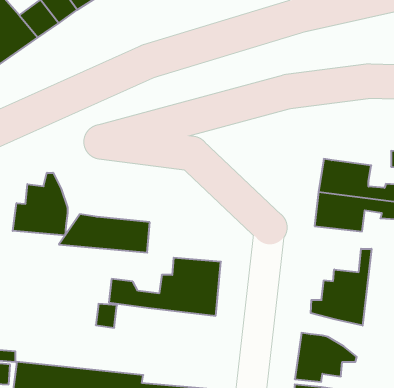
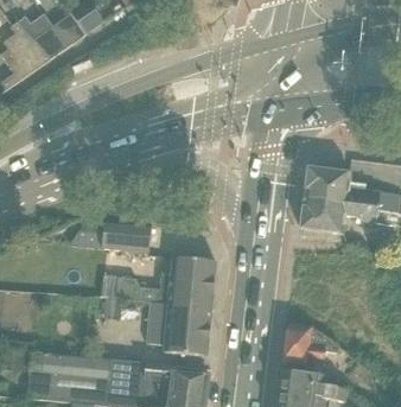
building: [13,173,68,236] -> none
building: [311,249,371,326] -> none
building: none -> [147,301,211,356]

